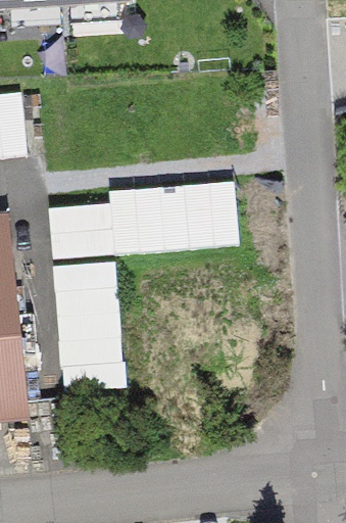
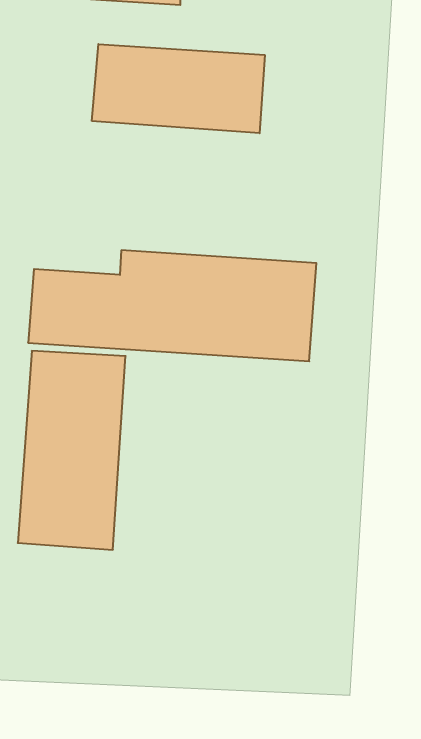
building: none -> [92,44,265,133]

